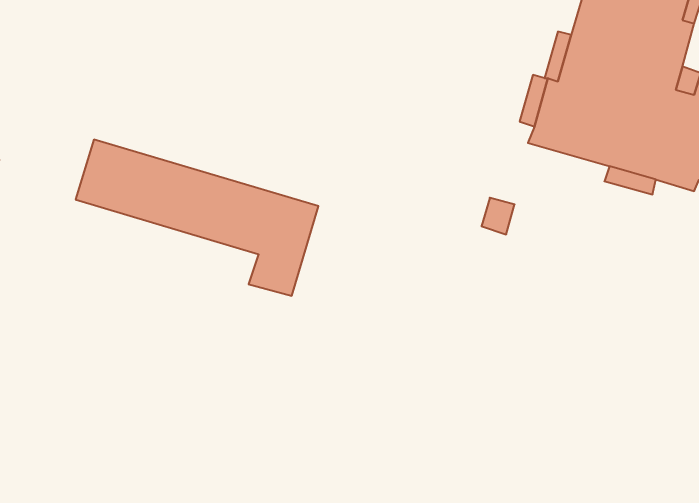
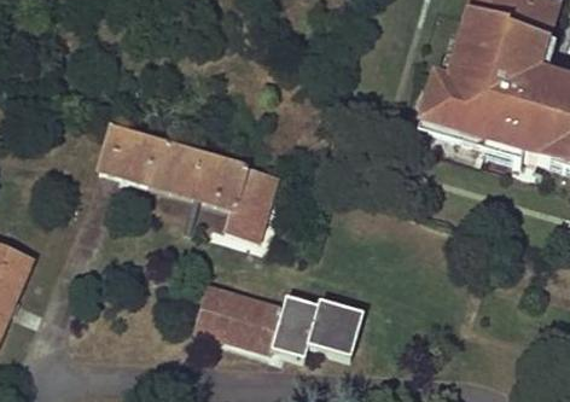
building: none -> [196,285,362,359]

